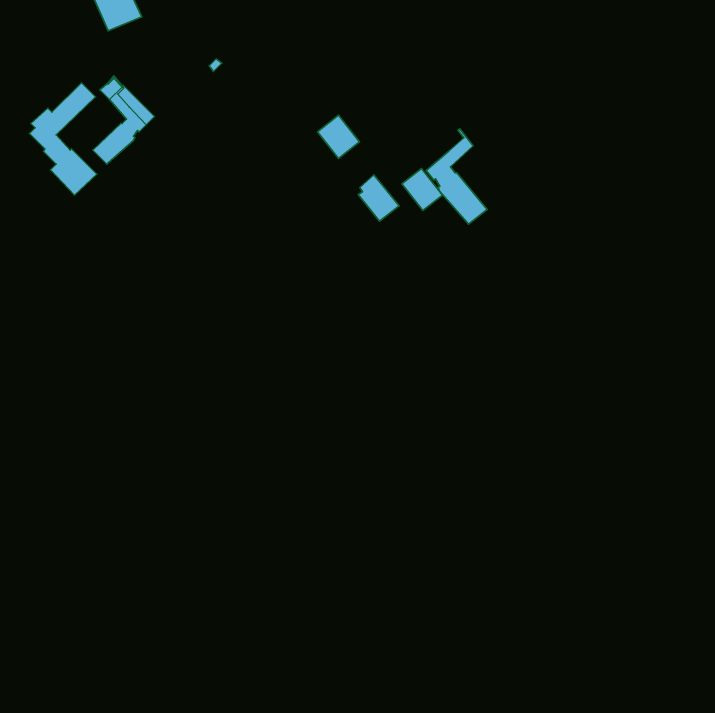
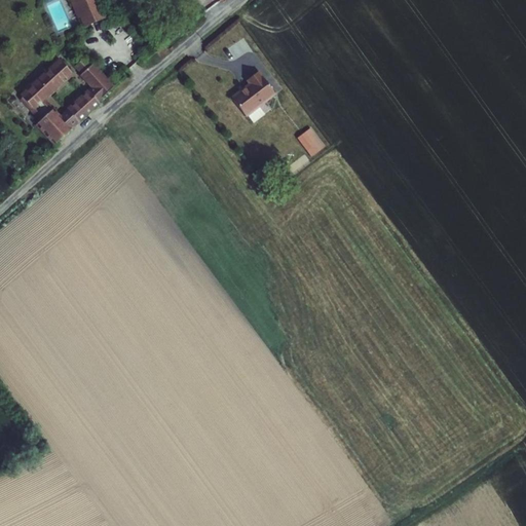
building: [426,129,487,224] -> none
building: [358,175,399,221] -> [248,70,277,104]

